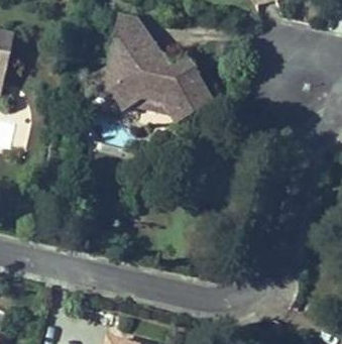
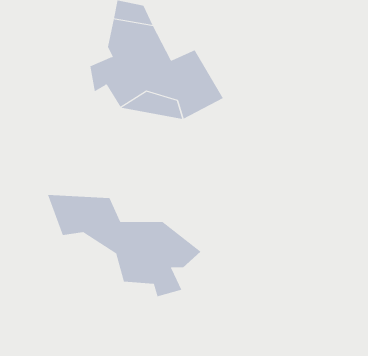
building: none -> [47,194,202,297]

